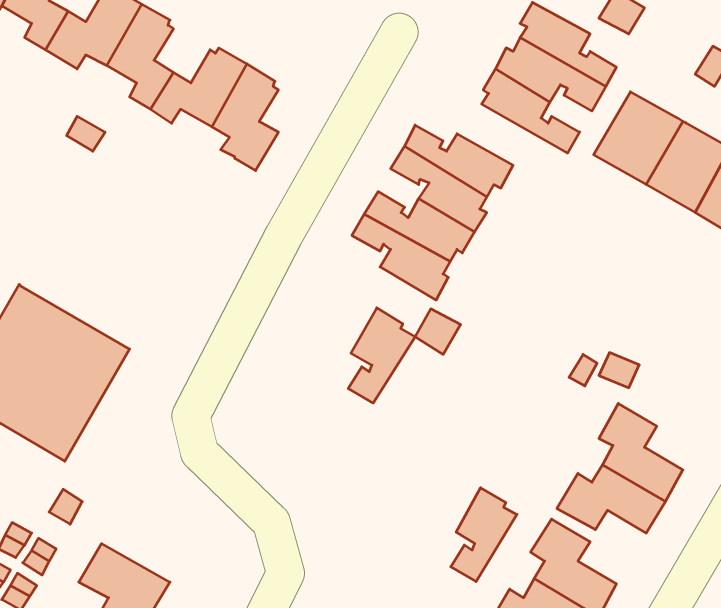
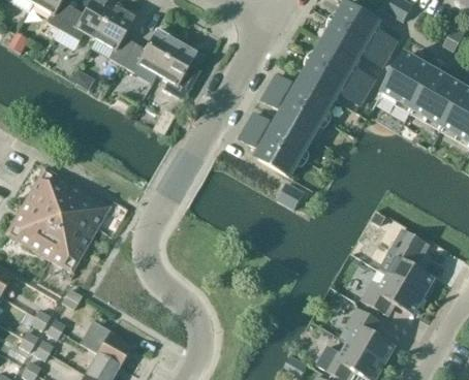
building: none -> [302,62,367,104]
building: [348,308,415,403] -> none
building: [451,488,517,582] -> none

